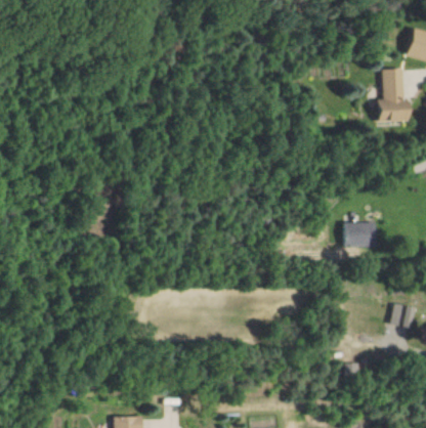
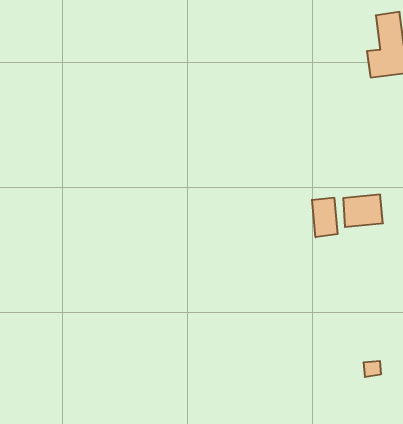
building: none -> [312,198,338,237]

